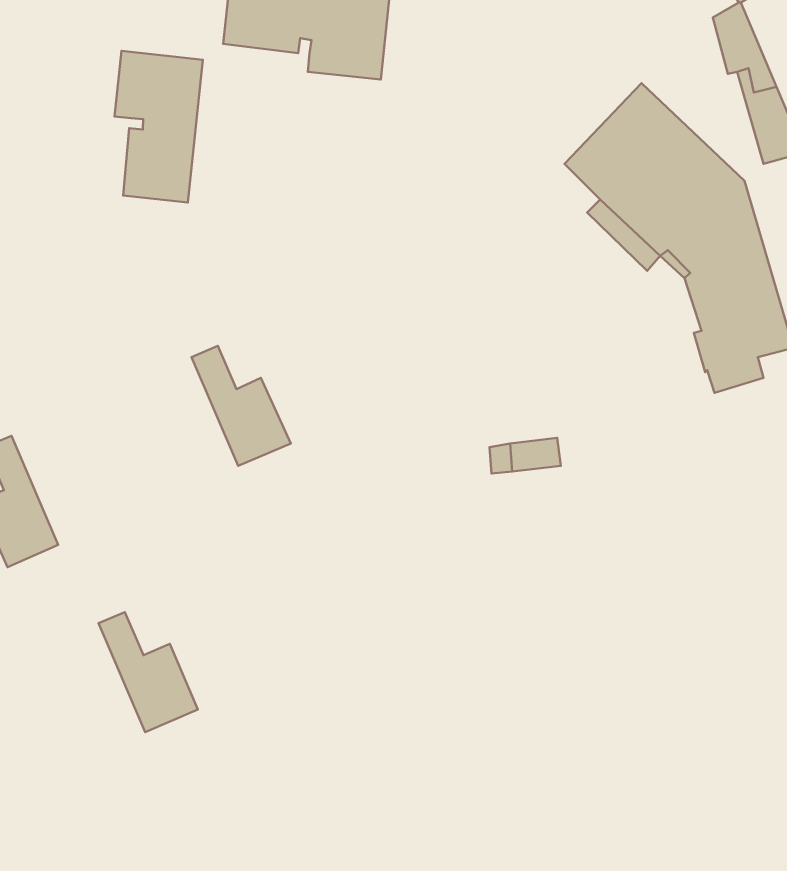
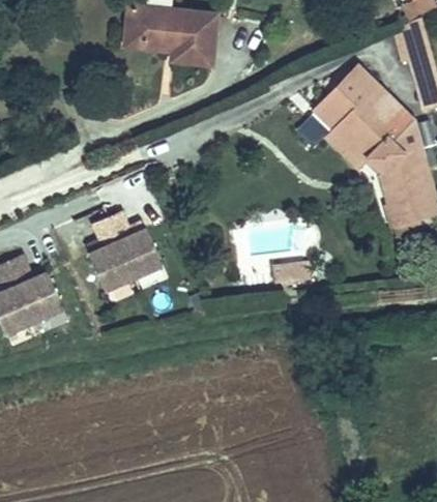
building: [114,51,203,202] -> none
building: none -> [88,217,133,290]
building: [98,612,198,732] -> [7,255,62,321]

